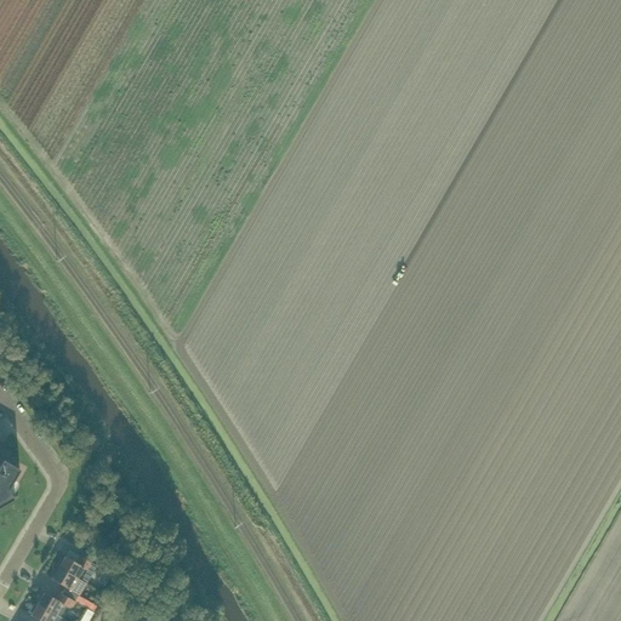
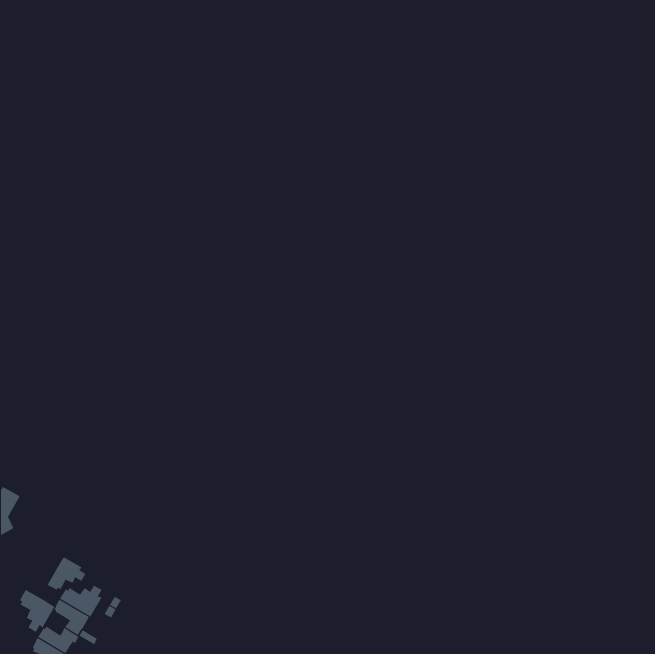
building: none -> [47,557,86,591]
building: none -> [19,589,55,633]

